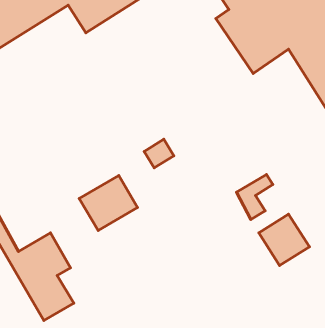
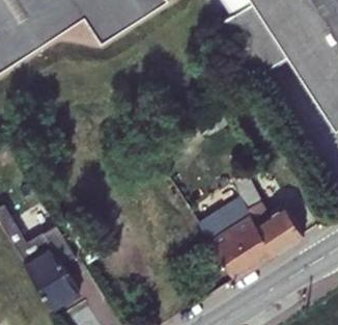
building: [79,175,138,231] -> none
building: none -> [179,188,275,279]

